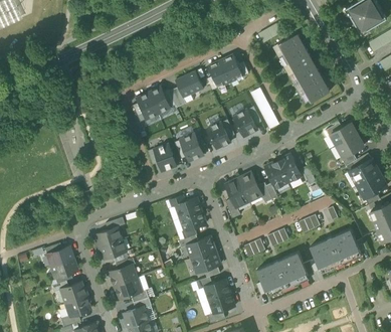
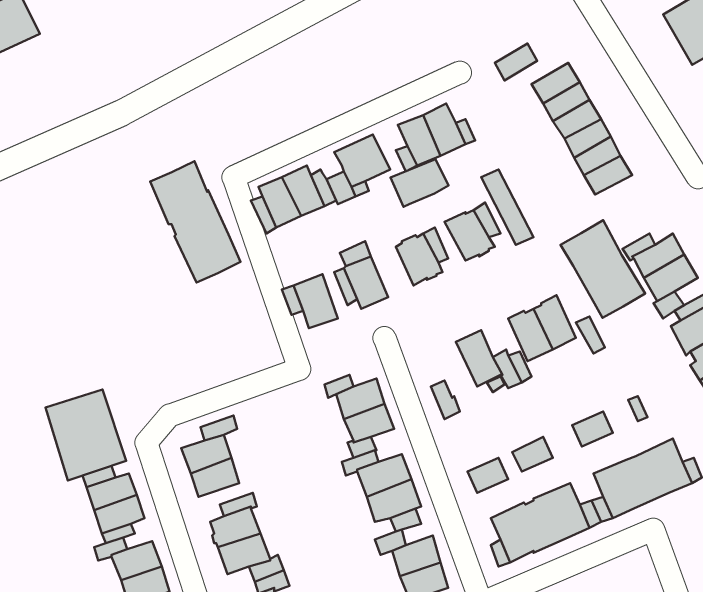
building: none -> [391,159,448,207]
building: none -> [150,161,241,282]
building: none -> [561,220,645,318]
building: [225,179,249,208] -> none
building: none -> [45,390,126,480]

